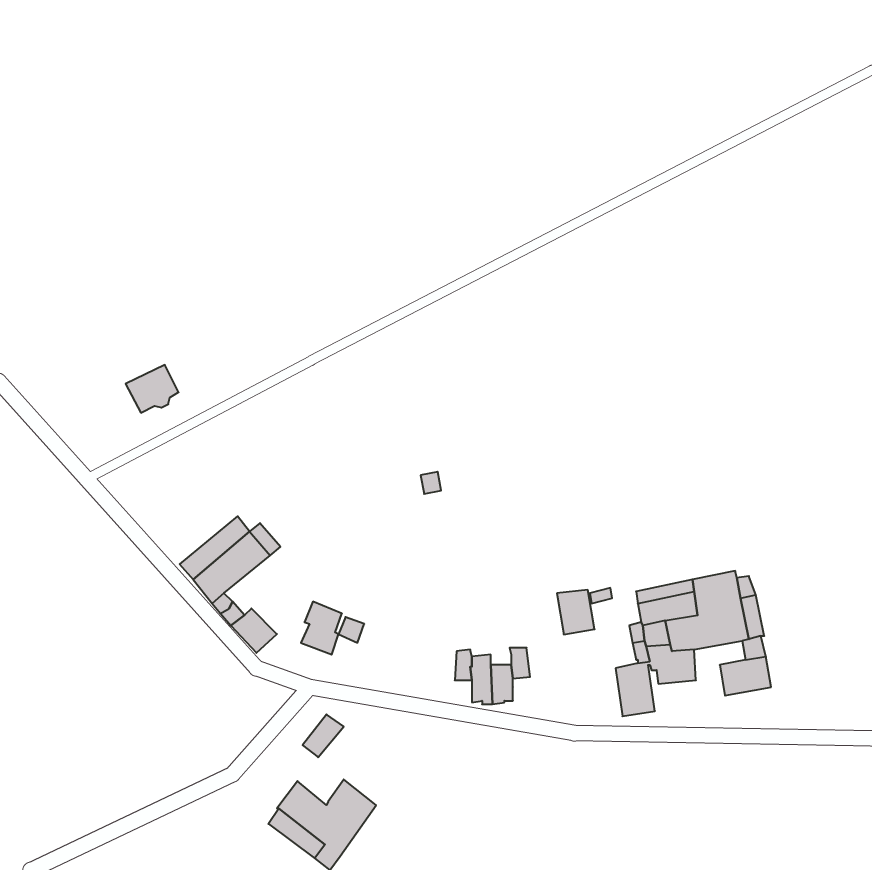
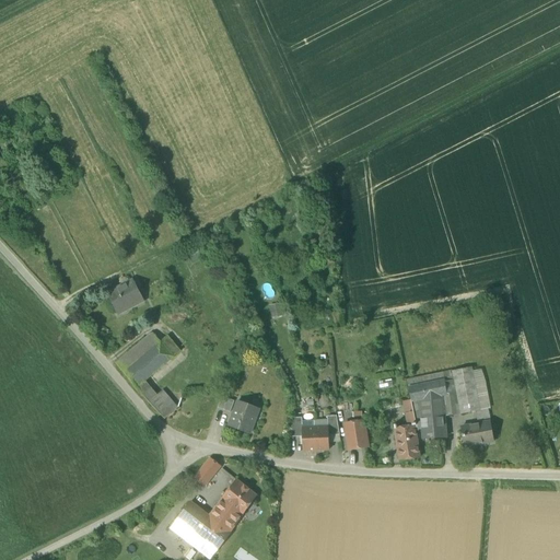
building: [126,365,179,413] -> [107,280,141,311]
building: [557,590,595,634] -> [343,420,368,448]
building: [301,602,342,655] -> [230,399,256,433]
building: none -> [220,478,256,515]

